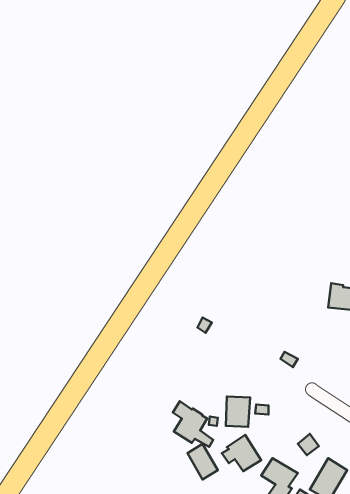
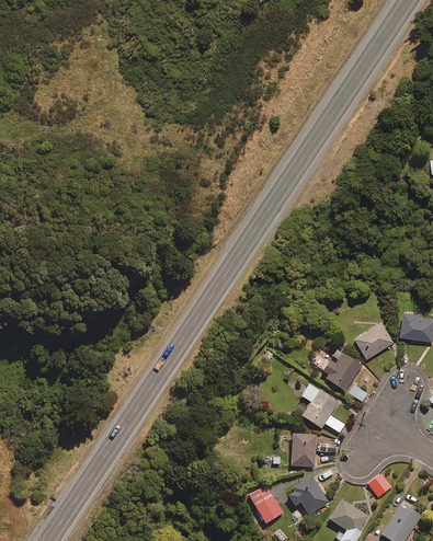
building: none -> [353,322,394,360]
building: none -> [321,348,362,391]
building: [173,401,213,447] -> [300,383,344,433]

